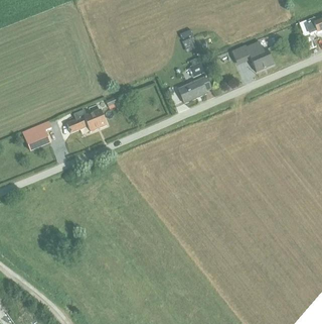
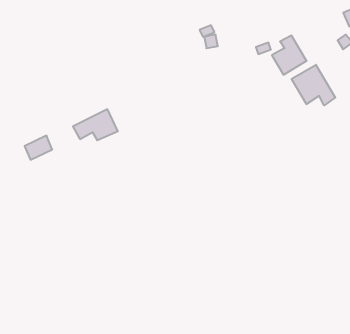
building: [179,65,211,100] -> none
building: none -> [292,65,335,105]

